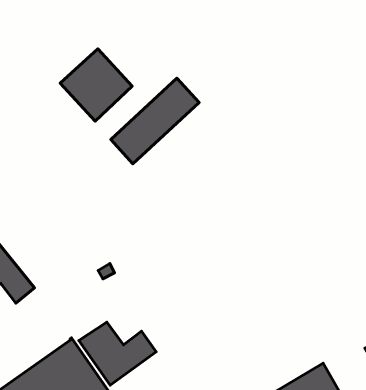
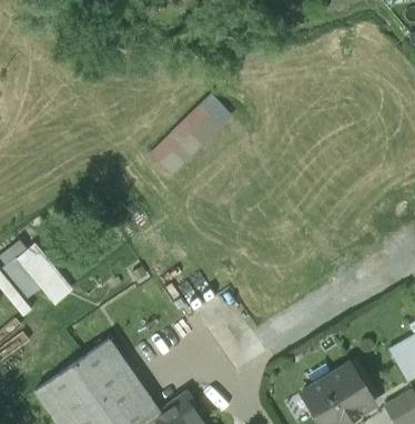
building: [60,49,132,121] -> none
building: [79,322,156,385] -> none

